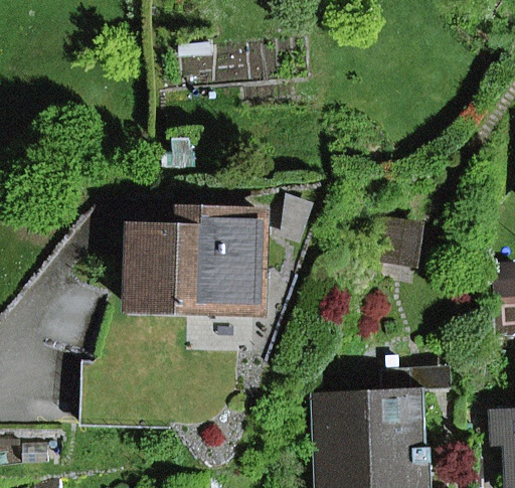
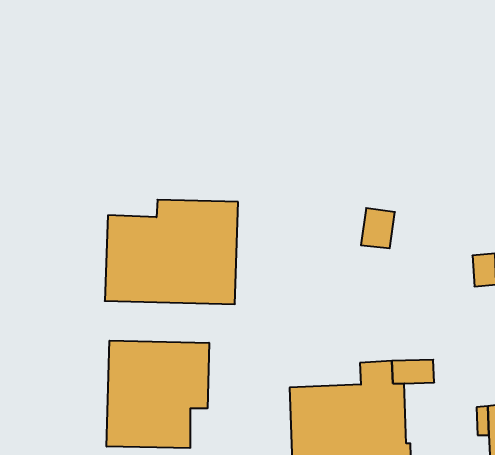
building: none -> [107,341,209,448]

